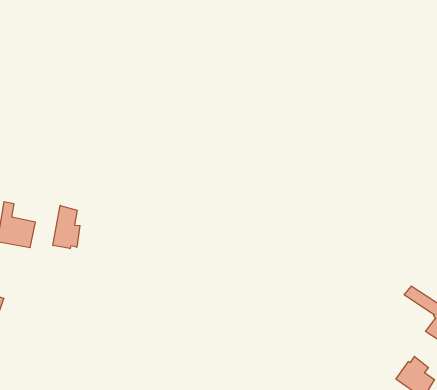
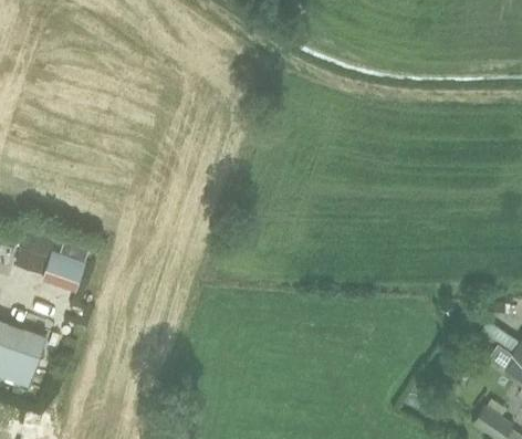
building: [53,205,80,249] -> none

